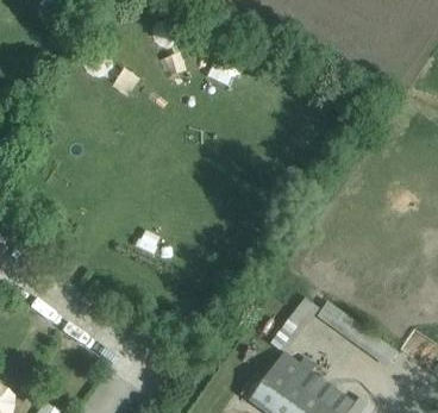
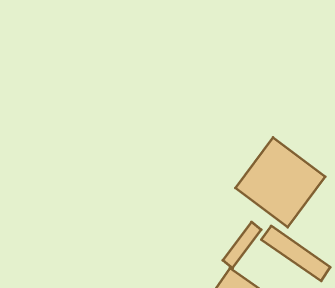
building: none -> [235,137,325,227]

